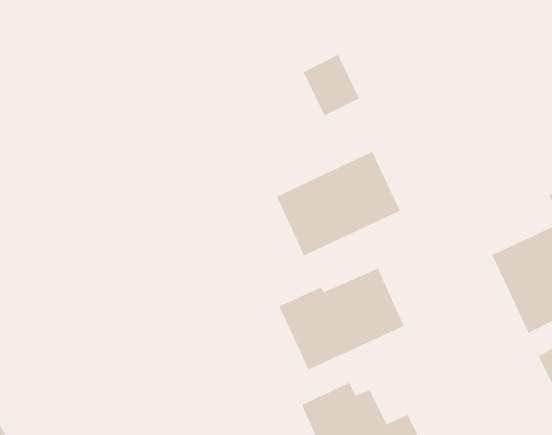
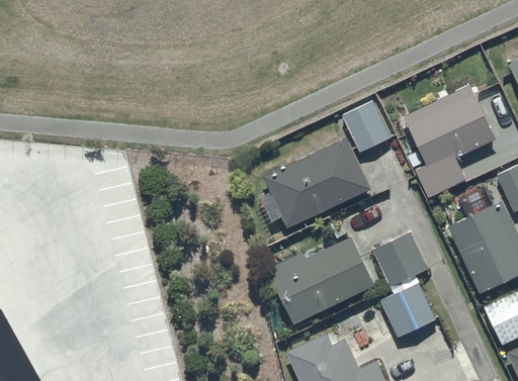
building: [303,54,360,116] -> [342,100,391,153]
building: none -> [404,86,494,197]
building: none -> [372,232,436,338]

